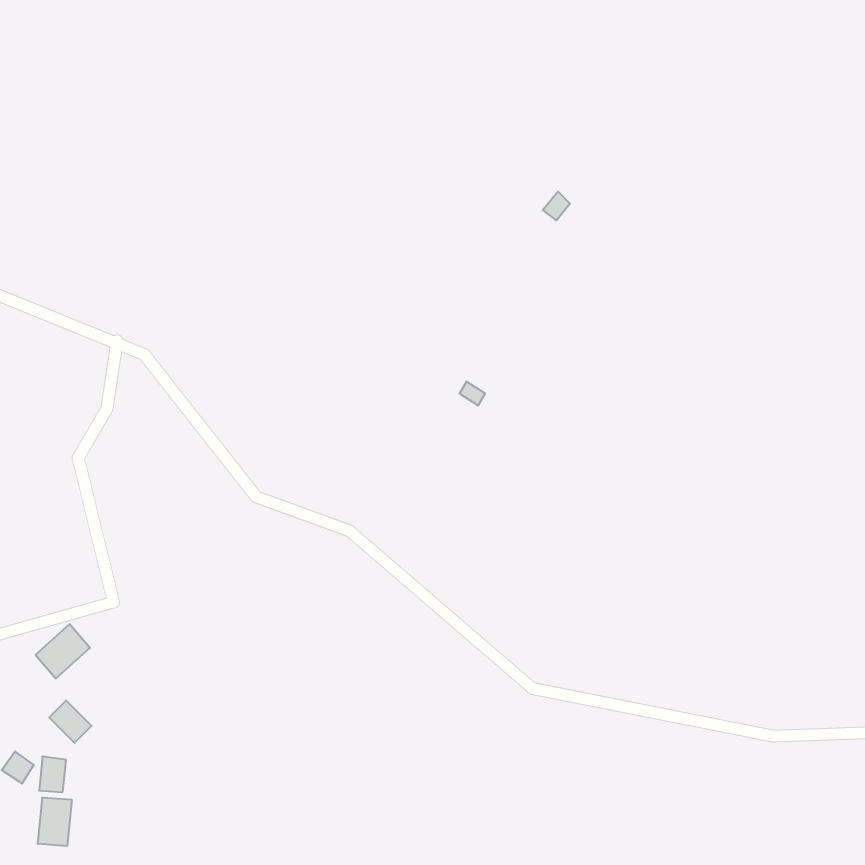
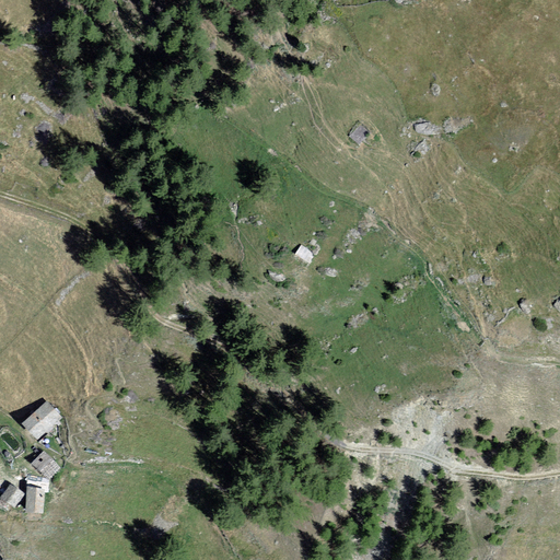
building: [38,797,72,846] -> none

